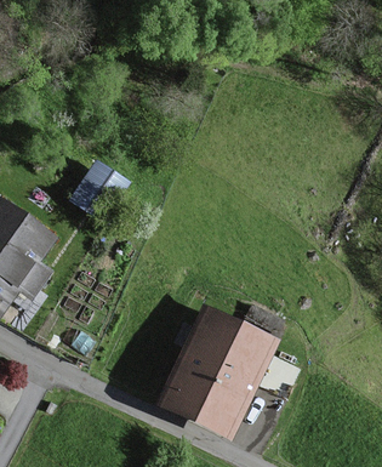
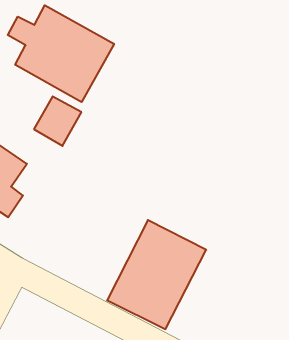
building: none -> [8,5,114,102]

